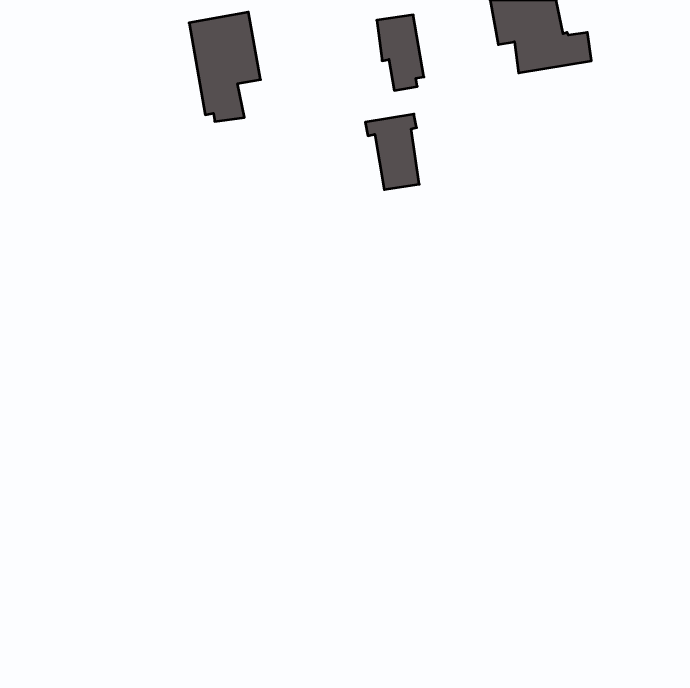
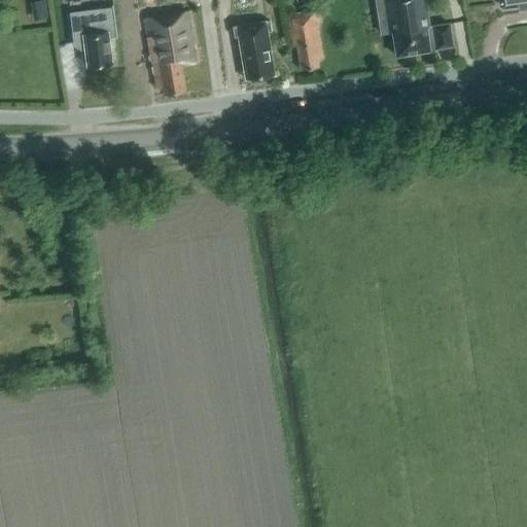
building: none -> [69,7,116,67]
building: [365,114,419,190] -> [232,21,273,78]

